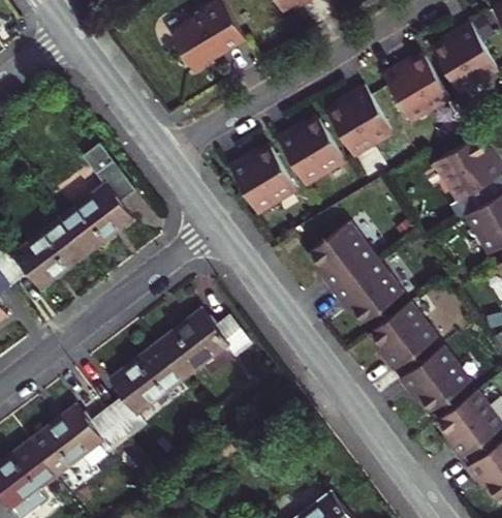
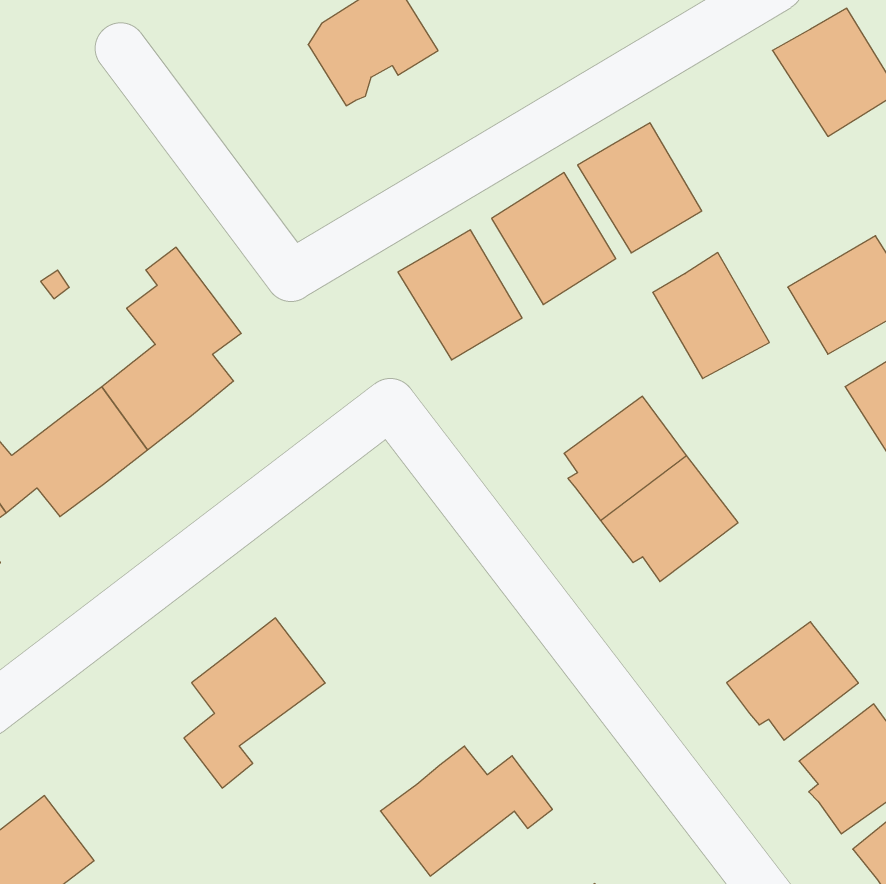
building: [381,44,444,113] -> [653,253,769,379]
building: [371,302,439,372] -> none
building: [157,311,250,382] -> [380,746,552,876]
building: [32,408,128,478] -> none

